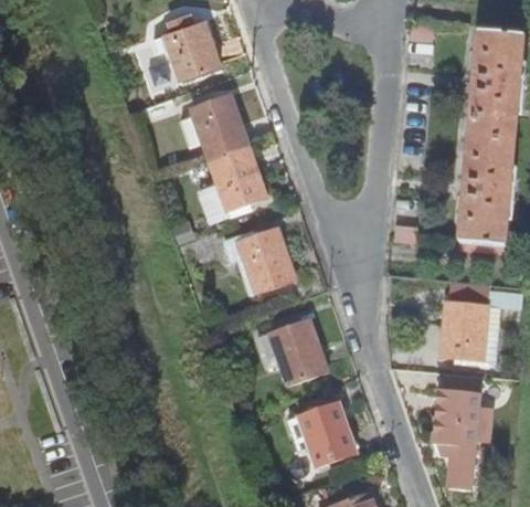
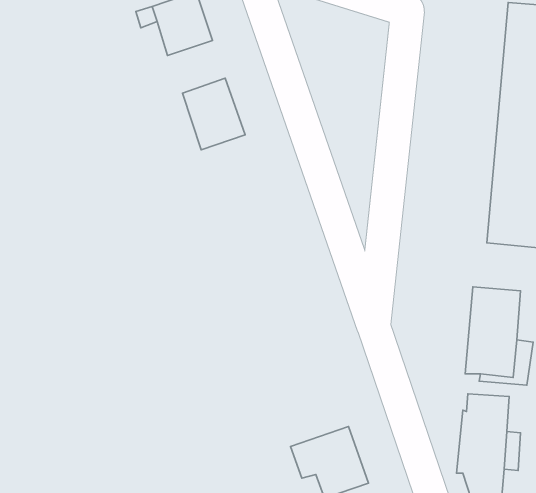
building: [209,147,265,210] -> none
building: [223,230,294,293] -> none
building: [271,320,327,384] -> none

